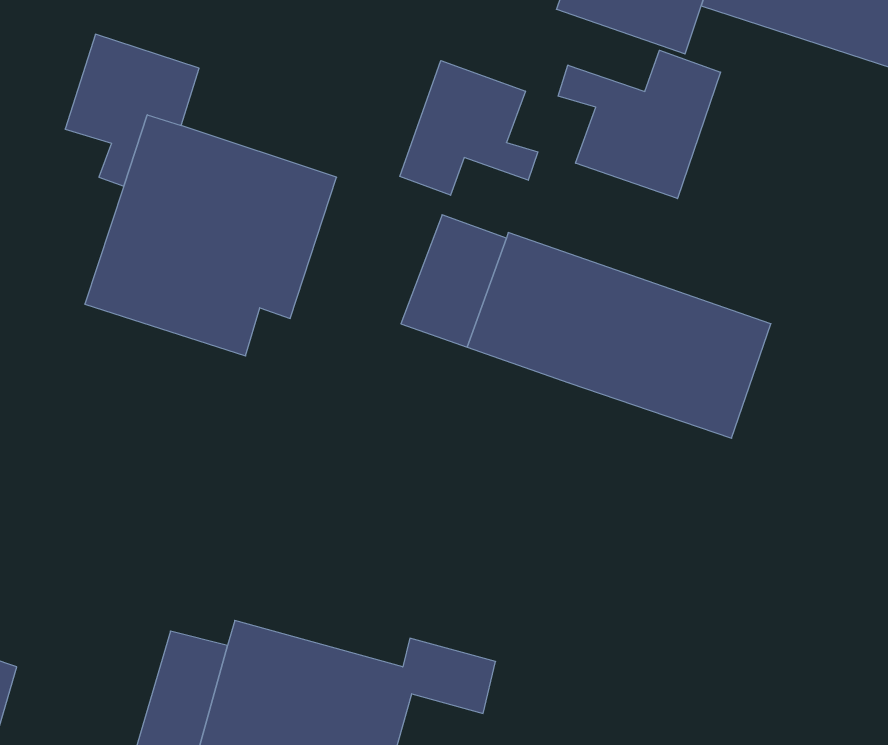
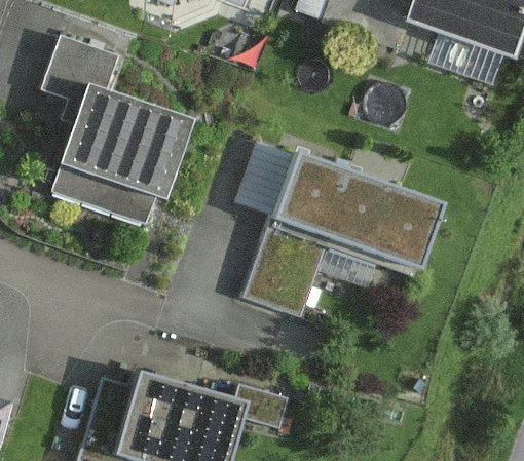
building: [558,50,721,199] -> none
building: [400,61,538,195] -> none
building: none -> [241,217,330,320]

